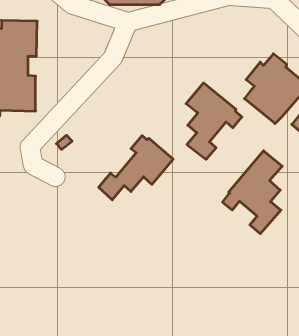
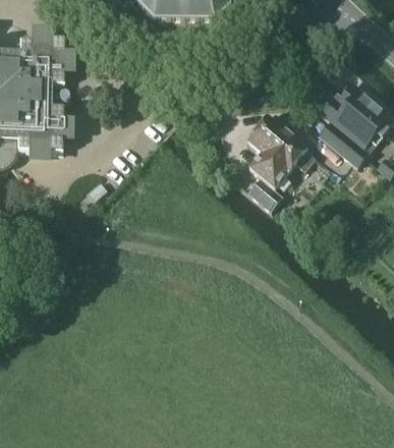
building: [99,136,173,200] -> none
building: [223,151,282,234] -> none

